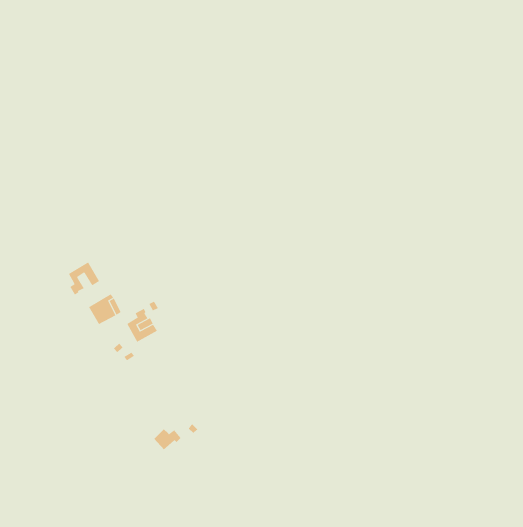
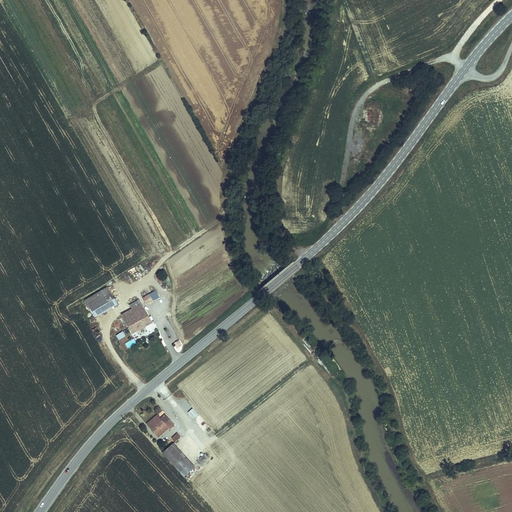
building: [68,262,100,296] -> none
building: none -> [162,443,194,476]

